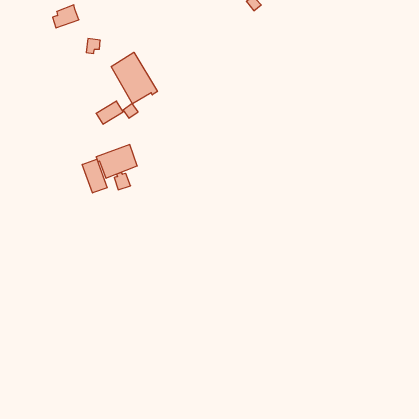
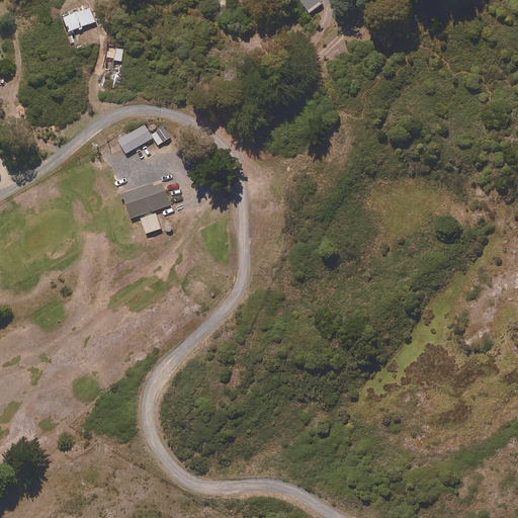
building: [111,52,157,104] -> none
building: [82,159,107,193] -> none

